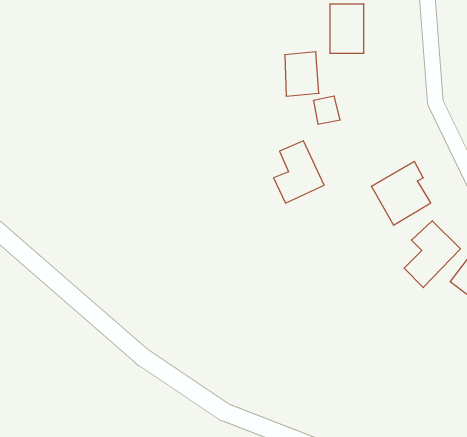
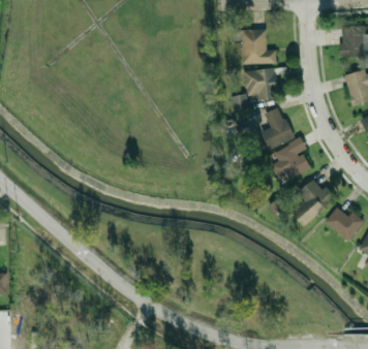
building: [285,52,319,96] -> [255,69,279,100]
building: [274,141,324,203] -> [260,107,296,151]

